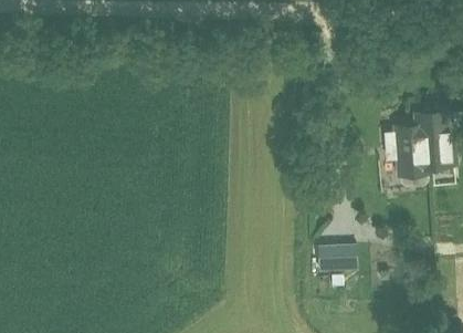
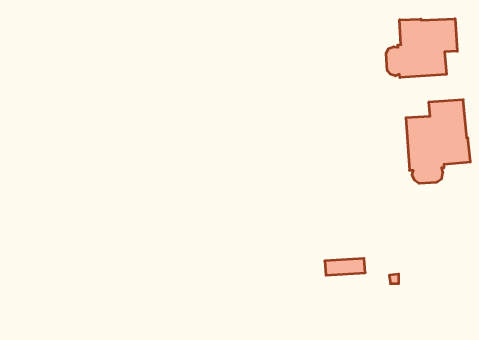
building: none -> [386,19,457,78]

